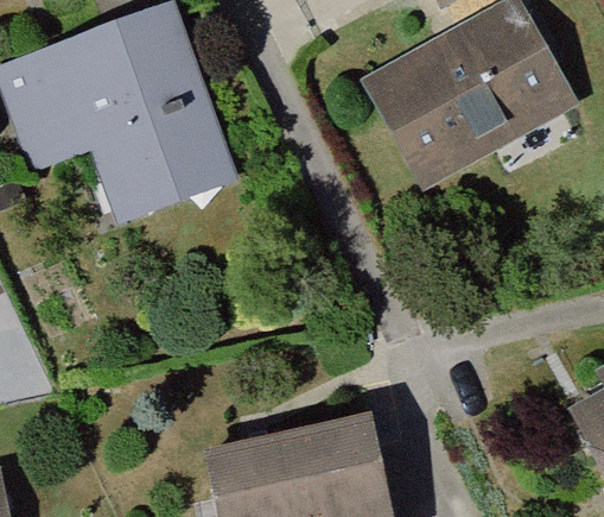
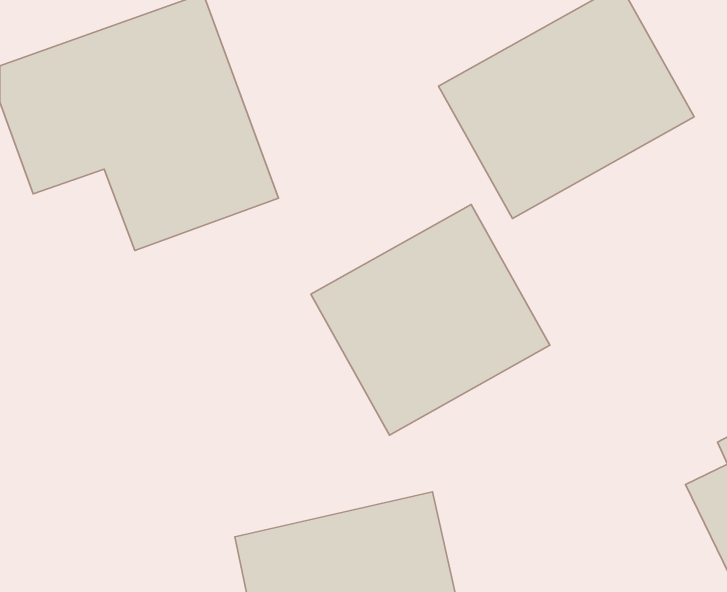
building: none -> [311,204,550,435]

